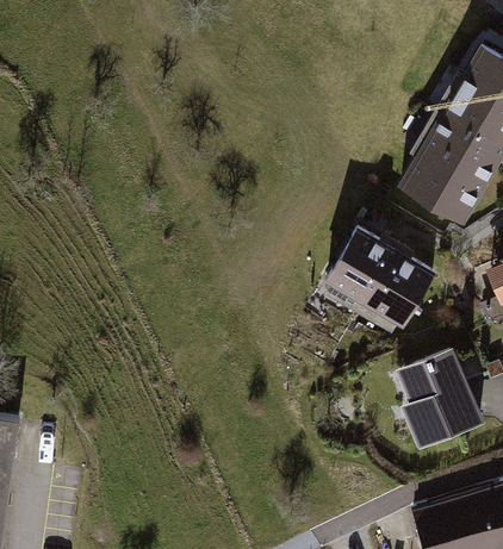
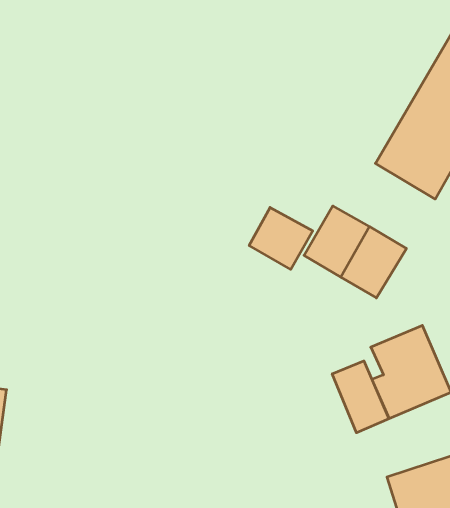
building: none -> [249,207,313,269]
building: none -> [332,361,389,433]

